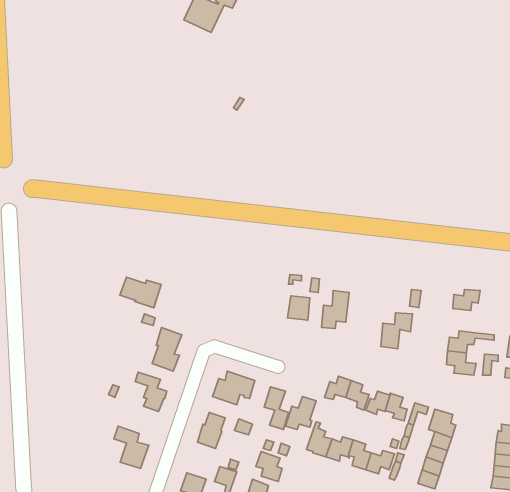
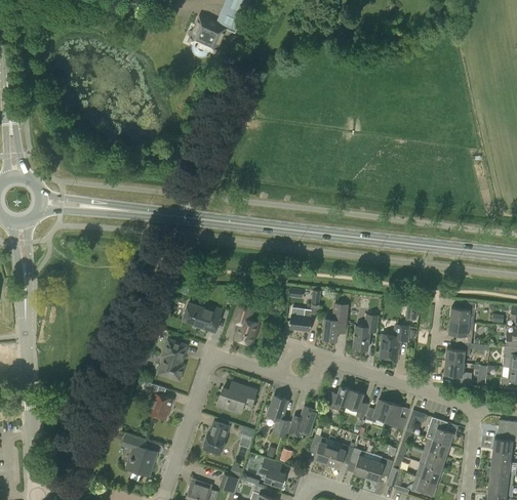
building: [120,277,161,308] -> [183,303,223,333]
building: none -> [230,302,258,344]
building: none -> [353,315,379,350]
building: none -> [447,321,472,344]

